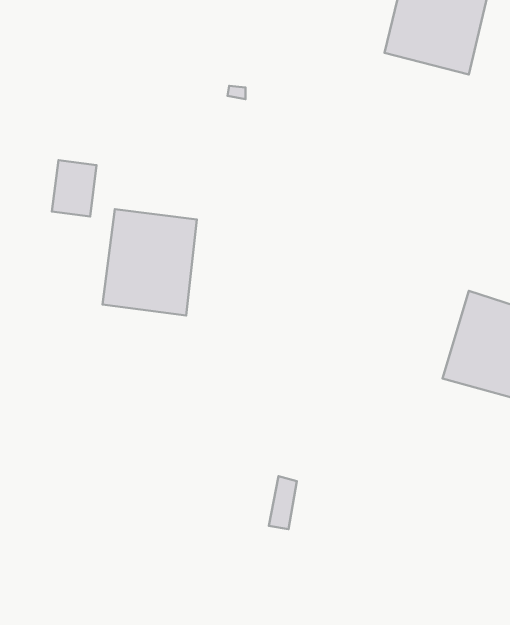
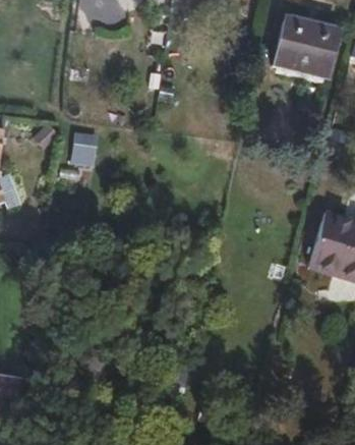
building: [102,209,197,315] -> none

